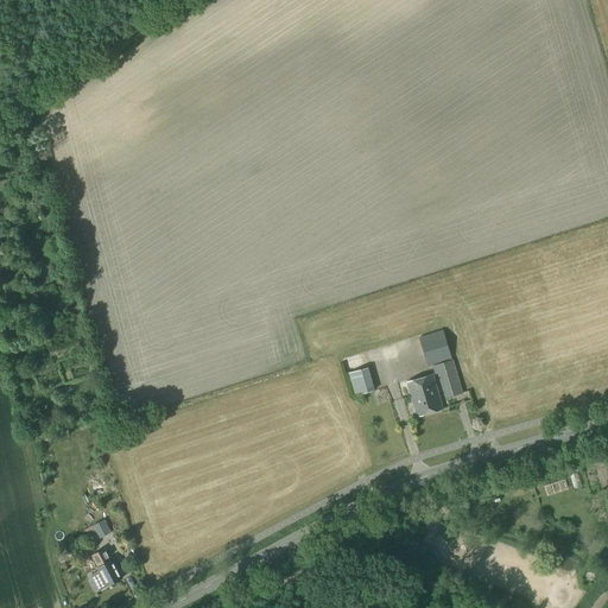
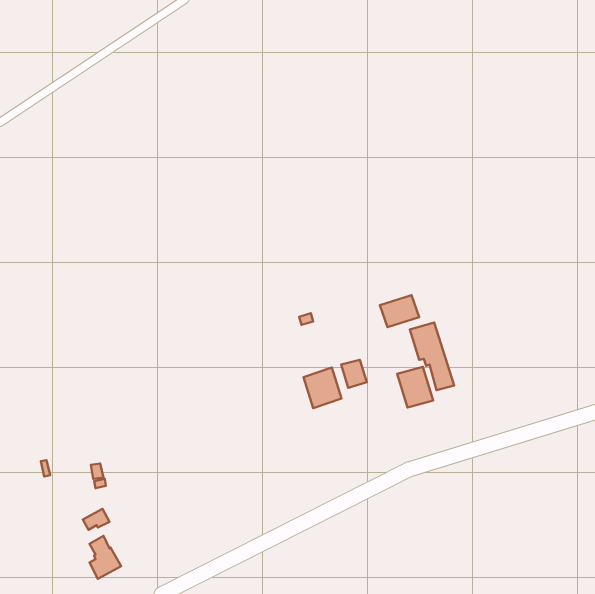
building: none -> [380,295,419,327]
building: none -> [303,367,342,408]

